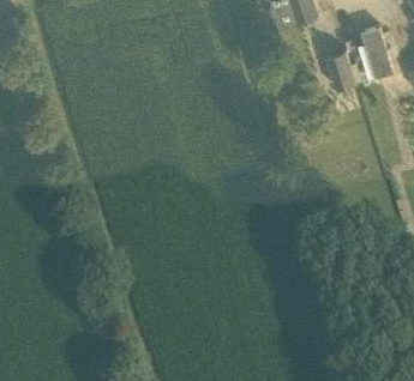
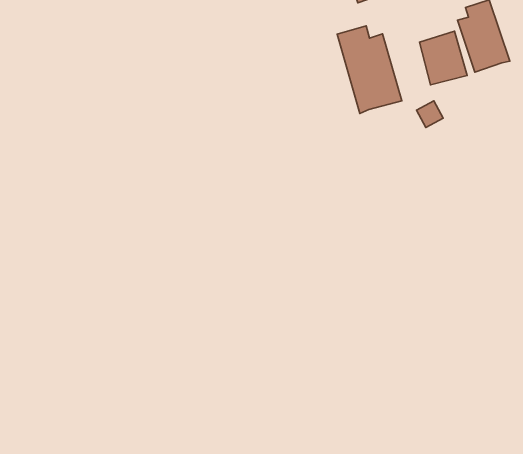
building: none -> [337,26,402,113]

